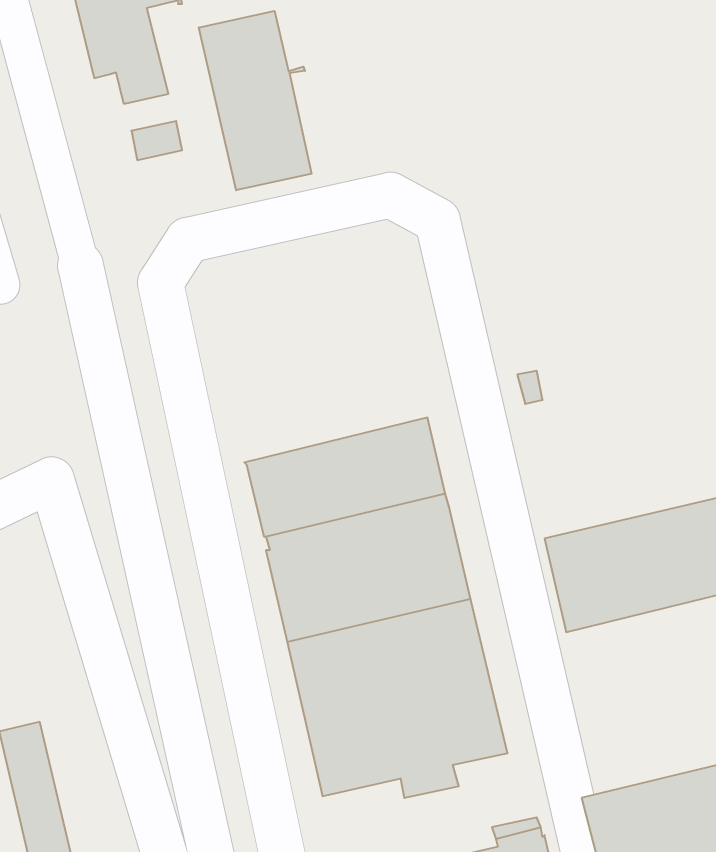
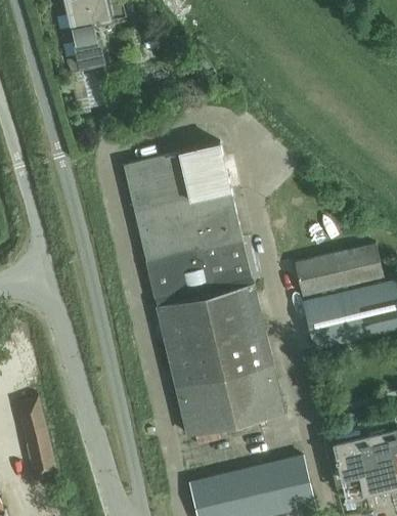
building: [199,11,312,190] -> none
building: none -> [124,142,242,261]
building: none -> [295,244,384,297]

